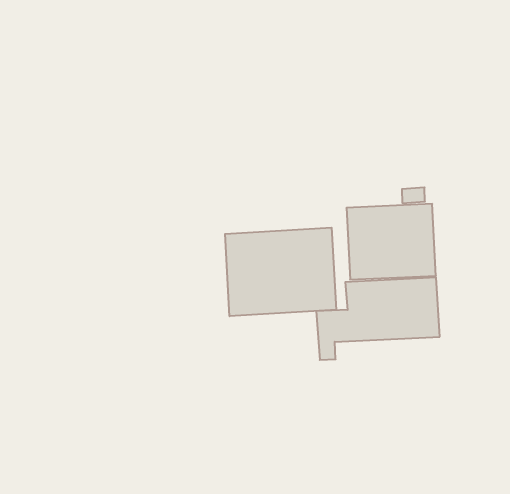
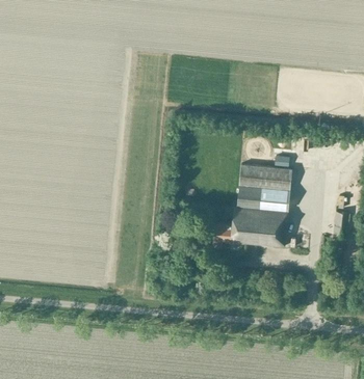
building: [225,228,336,316] -> none

